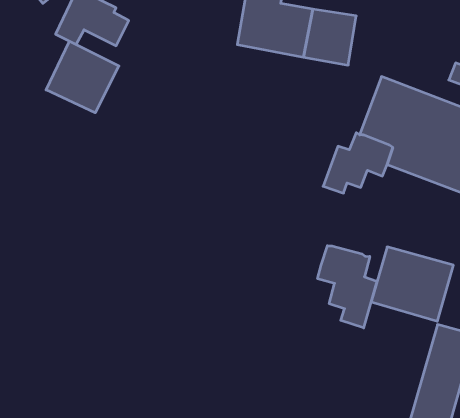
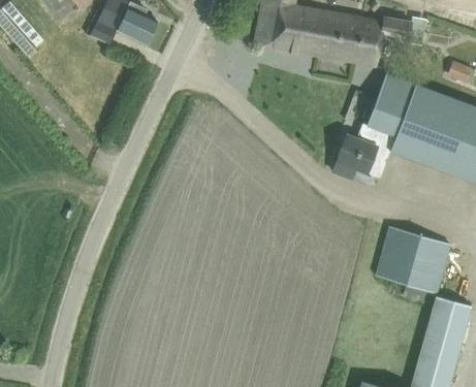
building: none -> [356,18,412,65]
building: [46,41,119,113] -> none
building: [318,246,377,328] -> none

